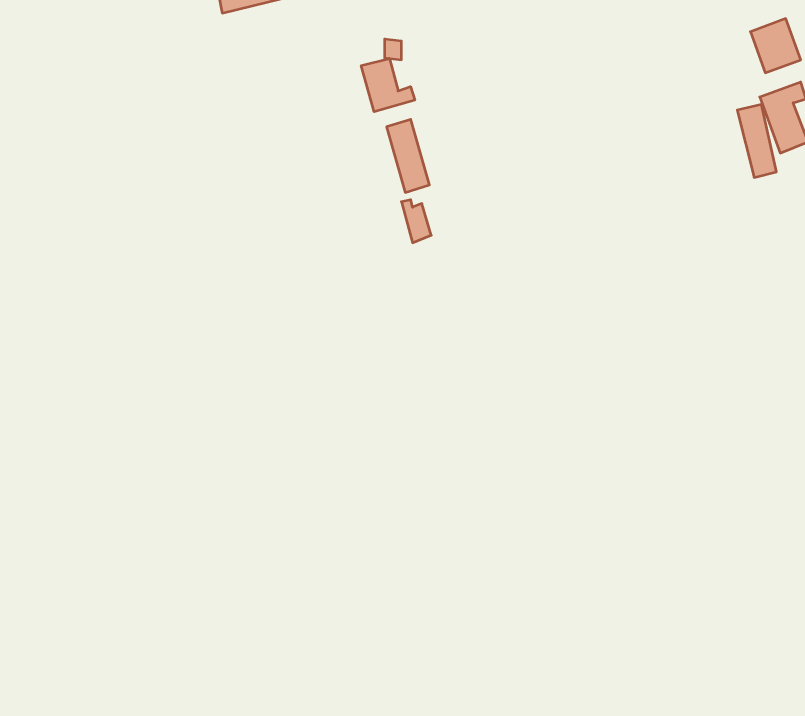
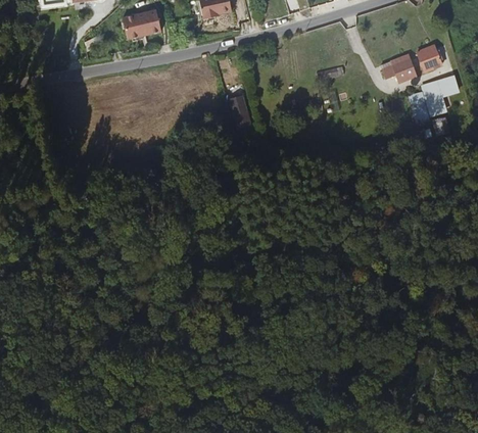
building: none -> [384,51,421,78]
building: [361,58,415,112] -> none

